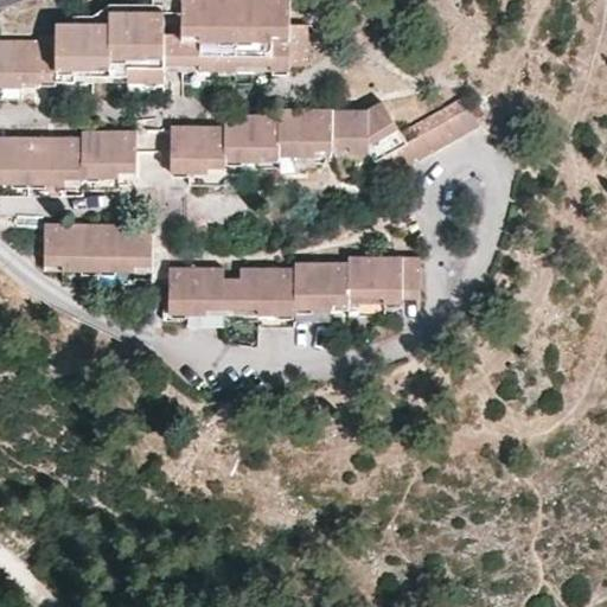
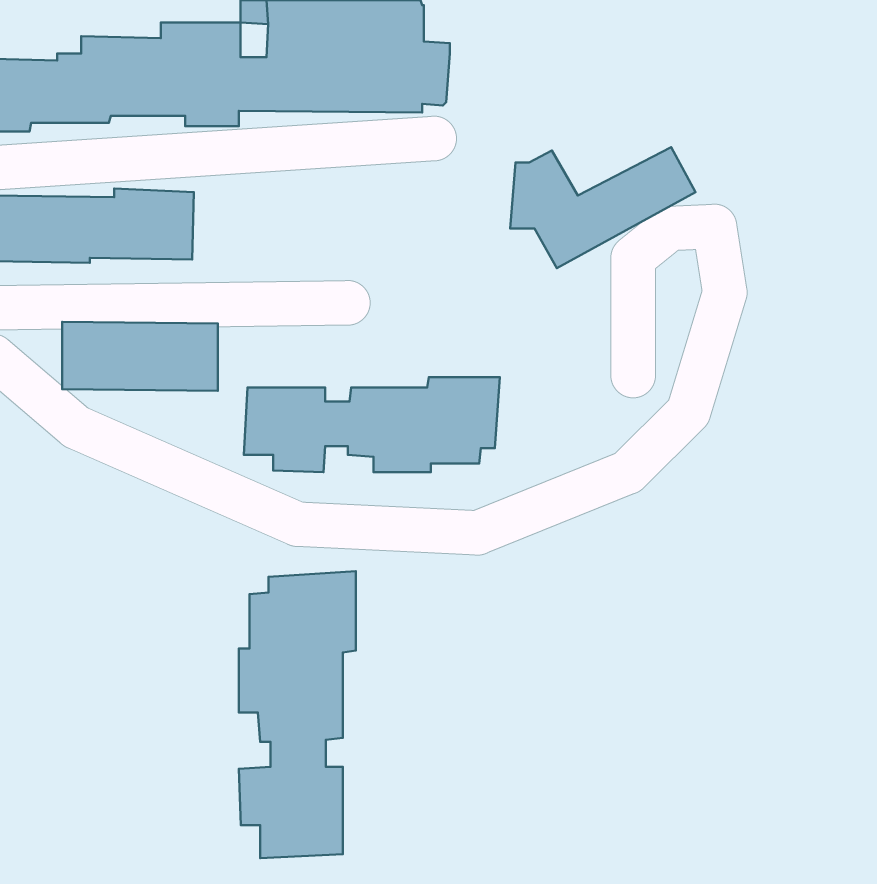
building: [168,110,353,174] -> none
building: [339,255,417,307] -> none
building: none -> [239,571,356,858]

